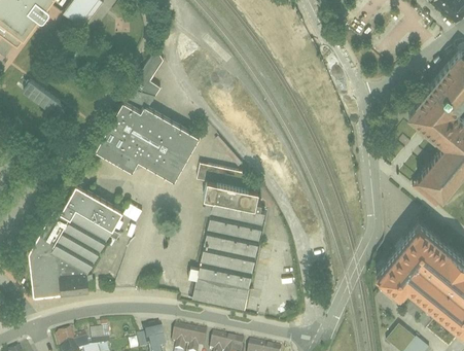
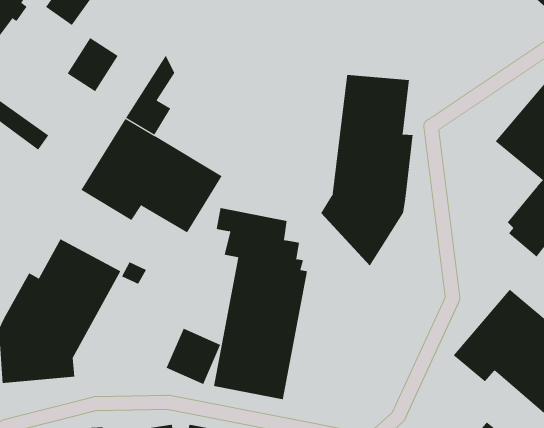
building: none -> [67,37,119,92]
building: none -> [321,74,413,267]
building: none -> [166,328,221,385]

